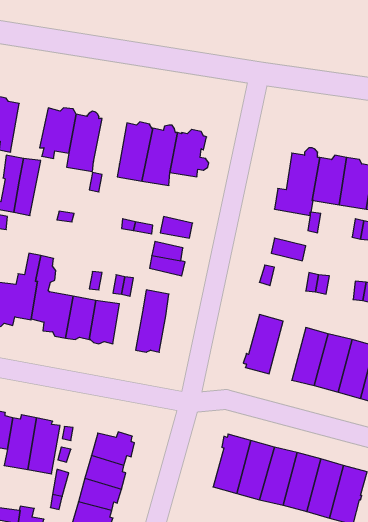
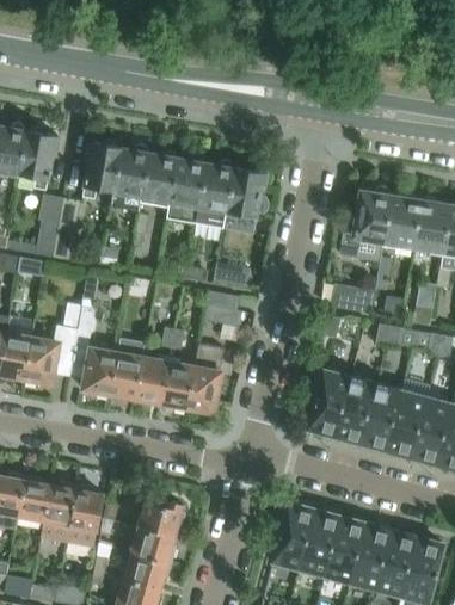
building: none -> [140,152,177,204]
building: none -> [161,359,195,410]
building: none -> [334,378,375,444]

